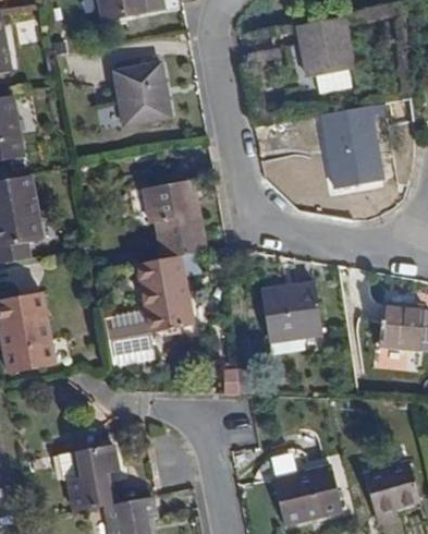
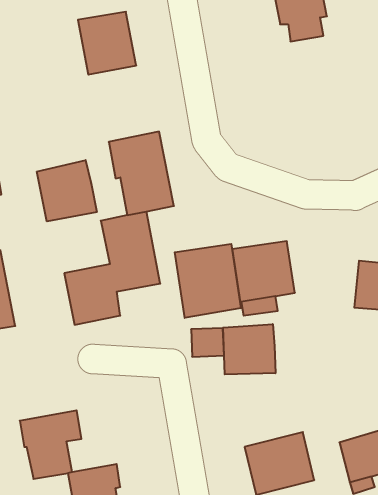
building: [322,104,388,187] -> none
building: none -> [37,160,97,221]
building: none -> [175,244,241,318]
building: none -> [223,324,275,374]

